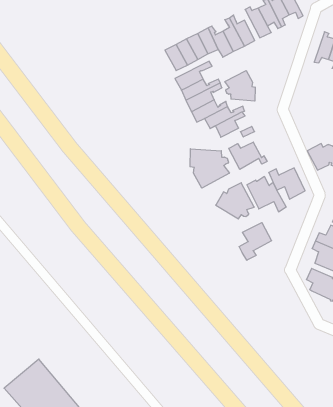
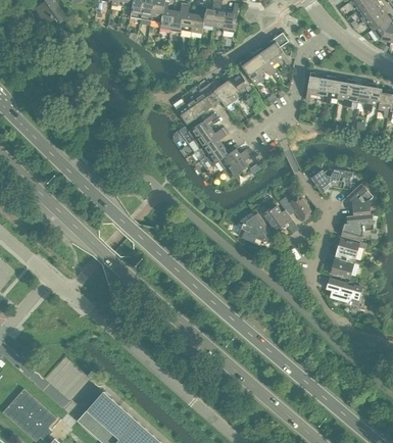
building: [225,71,255,101] -> none
building: [229,142,267,169] -> none
building: [190,149,229,188] -> none
building: [239,223,272,260] -> none

